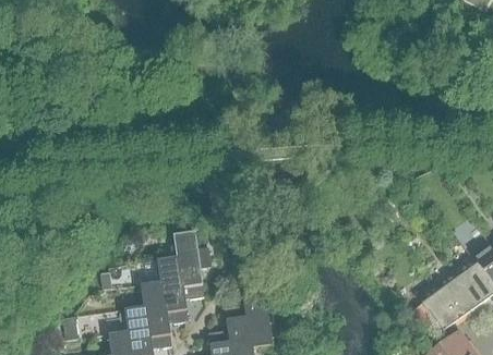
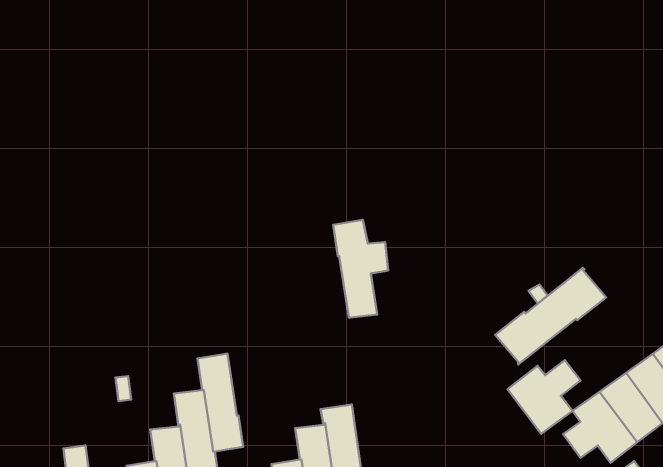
building: none -> [495,268,606,364]
building: [173,233,212,301] -> [333,220,388,318]
building: none -> [508,360,581,434]

